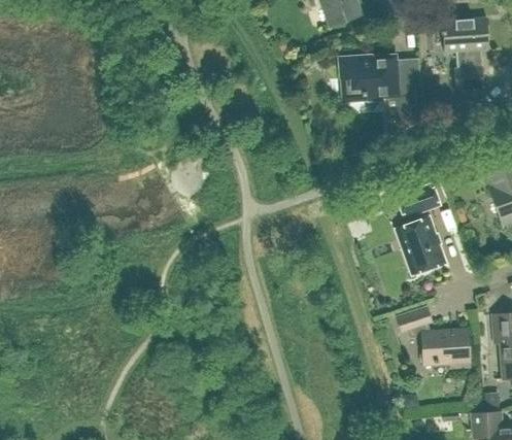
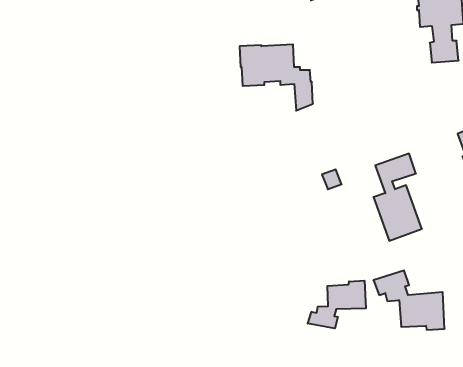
building: [342,57,418,126] -> [240,44,313,111]
building: none -> [308,281,366,328]

